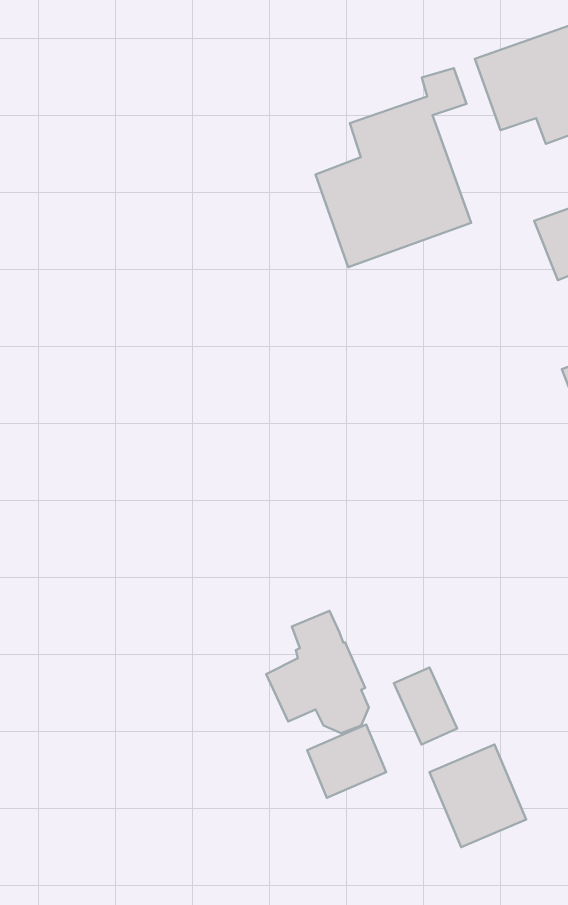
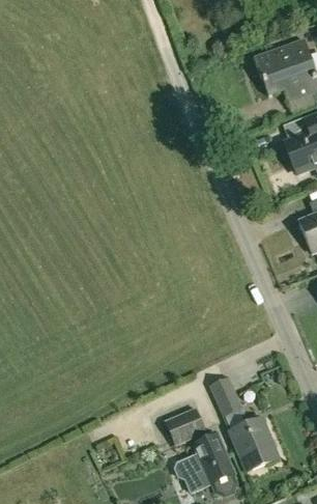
building: [315,68,471,267] -> none
building: [266,611,369,733] -> [183,432,237,497]

